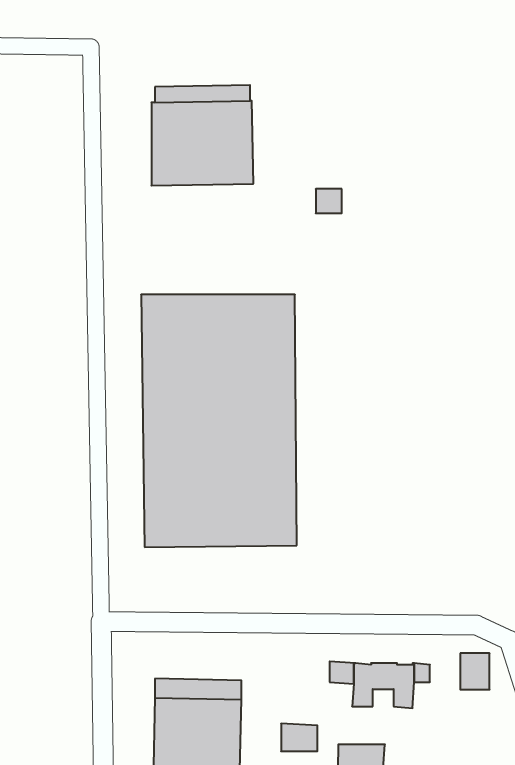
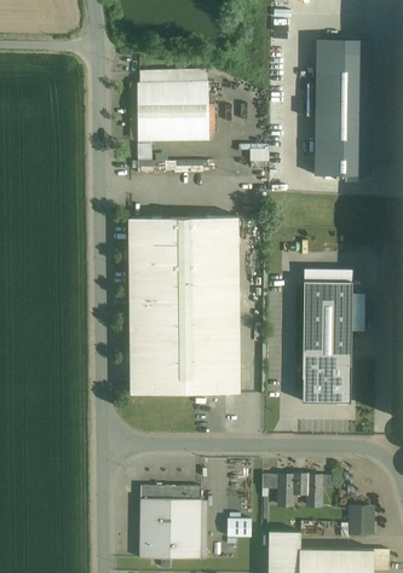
building: none -> [315,40,370,176]
building: none -> [303,271,364,403]
building: [460,653,490,690] -> [351,509,372,534]

